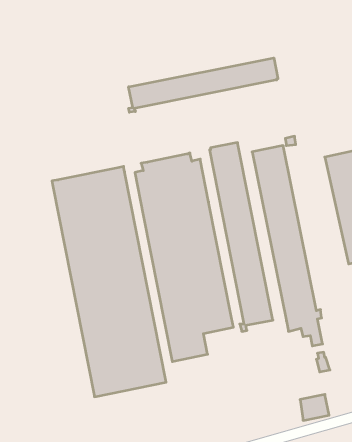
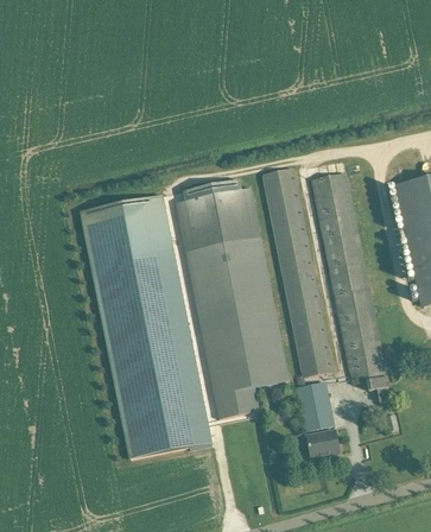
building: [129,58,278,112] -> none
building: none -> [297,381,334,430]
building: [300,394,329,420] -> [306,429,340,458]

